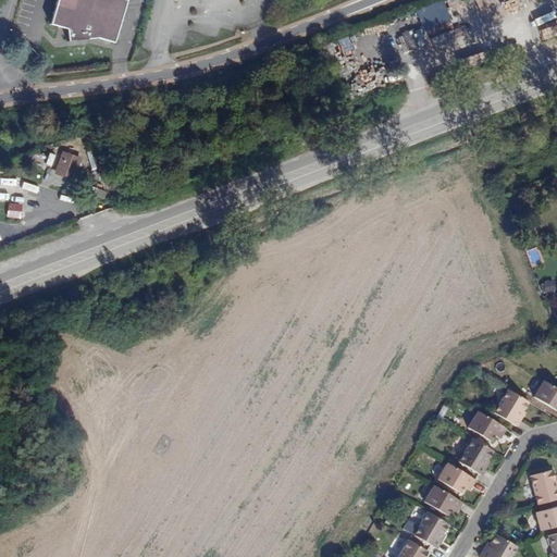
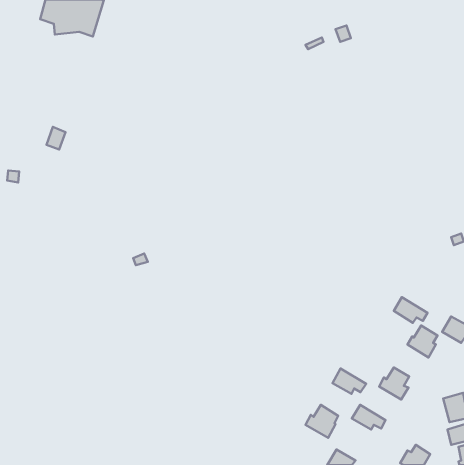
building: [467,410,507,441] -> [394,297,427,323]
building: [435,461,475,492] -> [332,368,366,394]
building: [410,509,449,548] -> [305,405,338,438]

